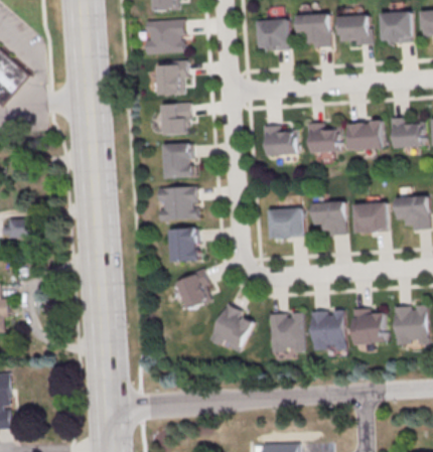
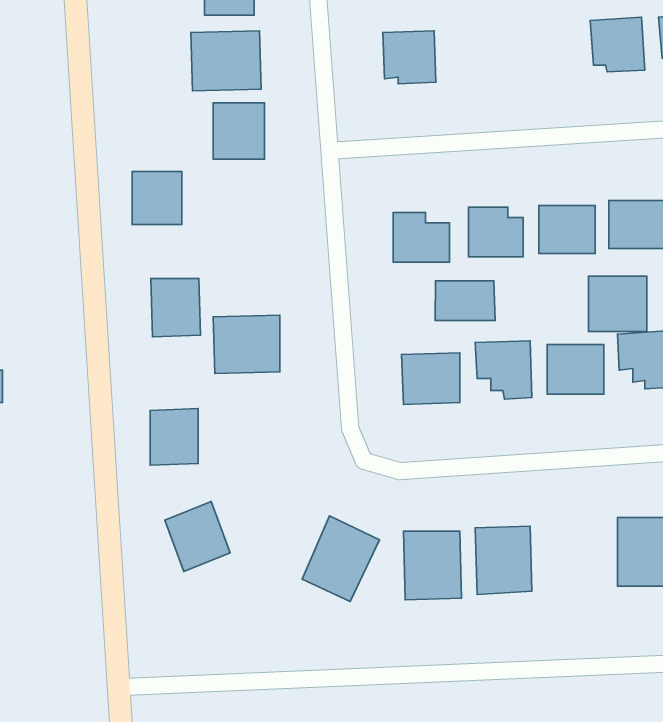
building: [295,13,329,47] -> none
building: [336,15,371,45] -> none
building: [160,104,189,135] -> [132,171,182,224]
building: [163,144,192,178] -> [151,278,200,337]
building: none -> [588,276,647,332]
building: none -> [435,281,495,320]
building: [169,229,197,262] -> [150,409,198,465]
building: [175,270,213,311] -> [165,501,230,572]
building: [351,308,386,344] -> none

